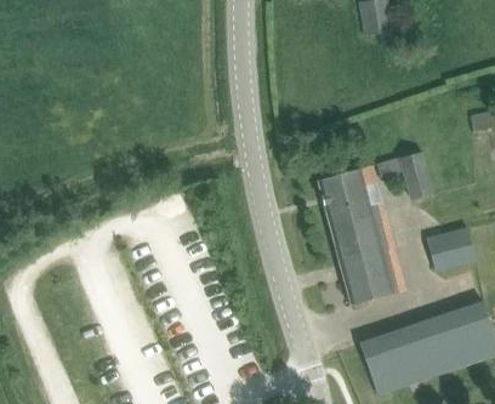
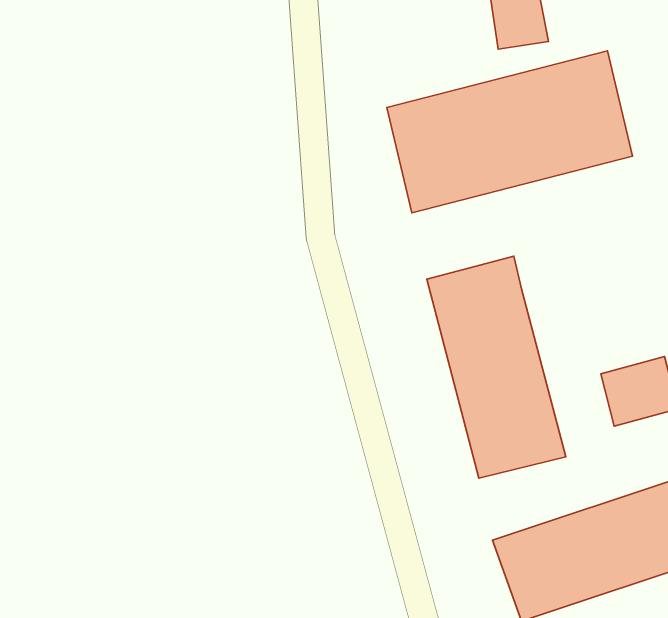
building: none -> [387,51,632,213]
building: [399,153,431,200] -> none

